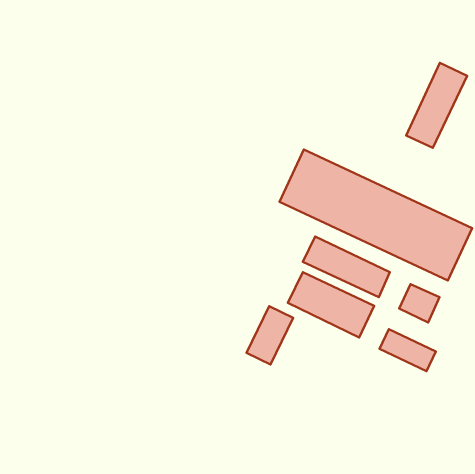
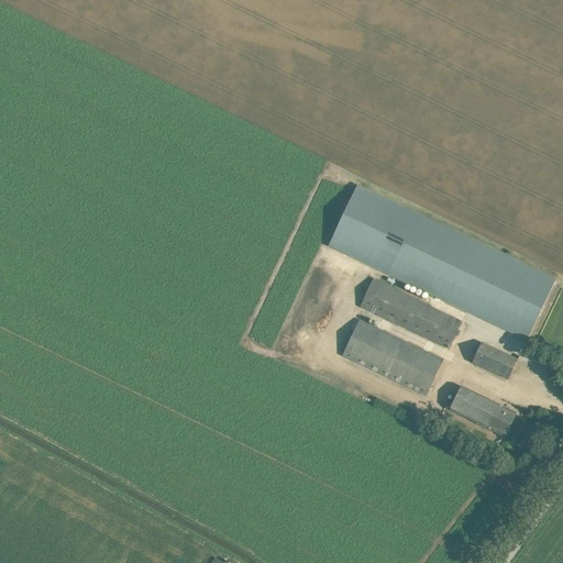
building: [406,63,467,148] -> none
building: [247,306,293,364] -> none

